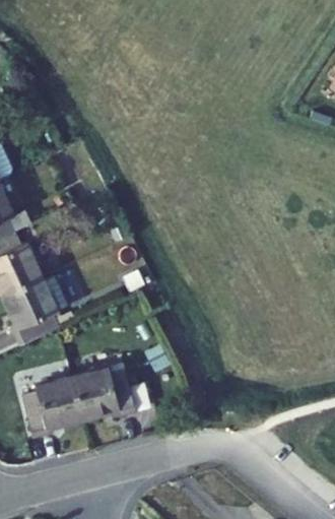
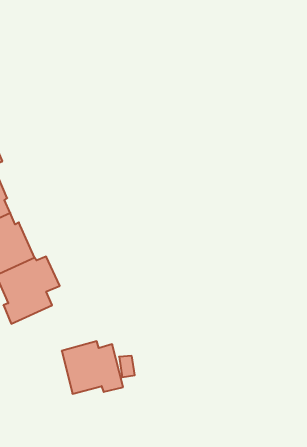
building: [20,376,82,440] -> none

